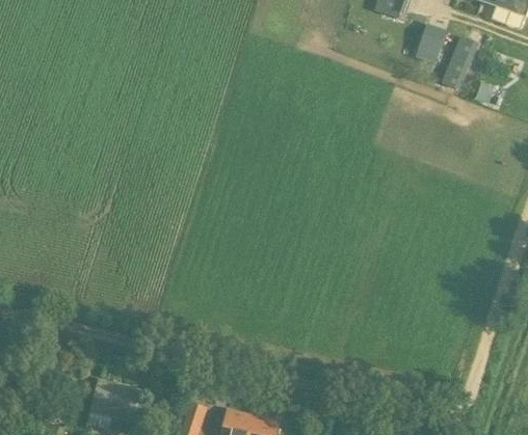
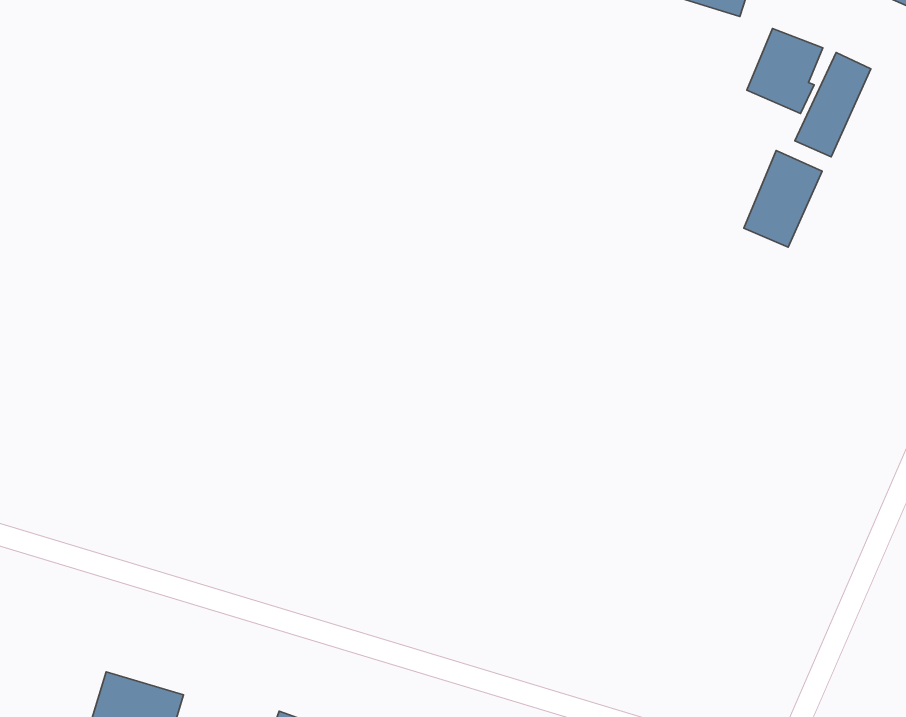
building: none -> [744,151,822,247]

